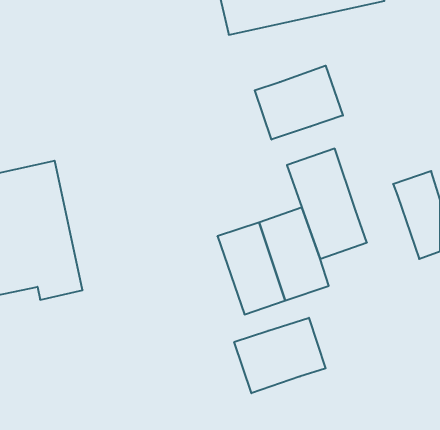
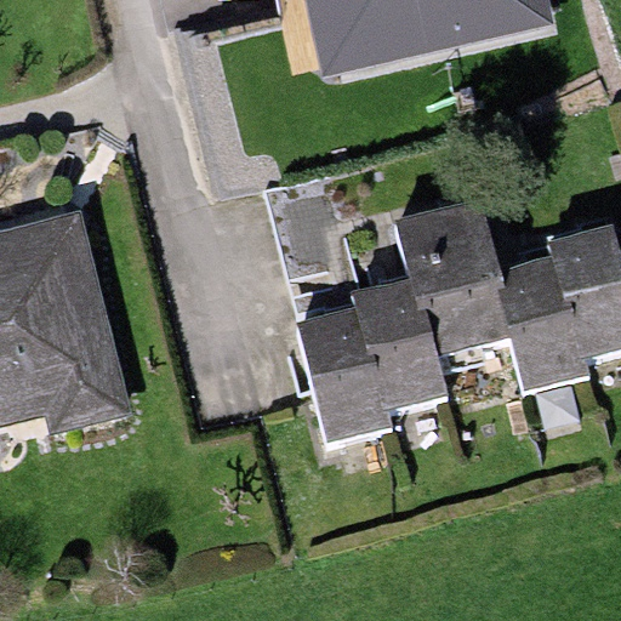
building: [255,66,343,140] -> none
building: none -> [496,273,591,399]
building: [234,318,326,393] -> none

